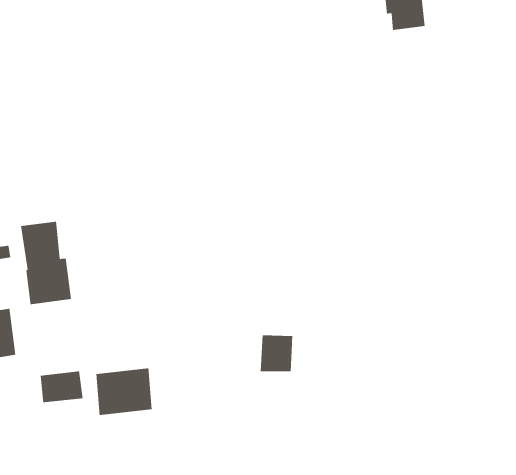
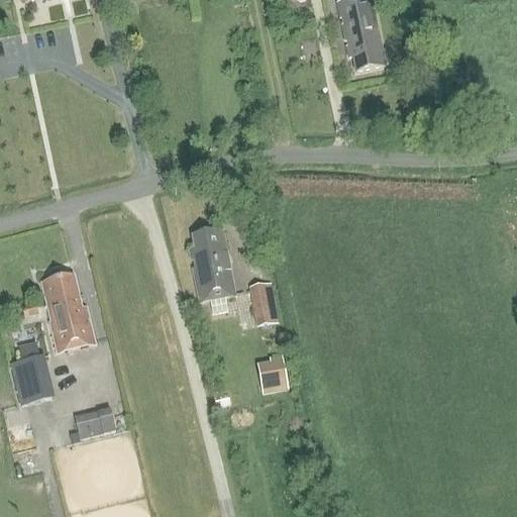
building: none -> [189,226,234,299]
building: none -> [249,281,278,324]
building: [96,368,152,416] -> none

